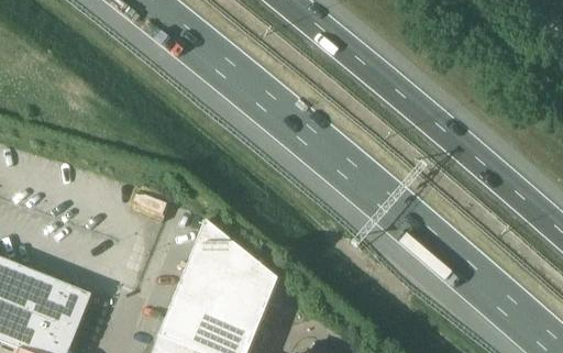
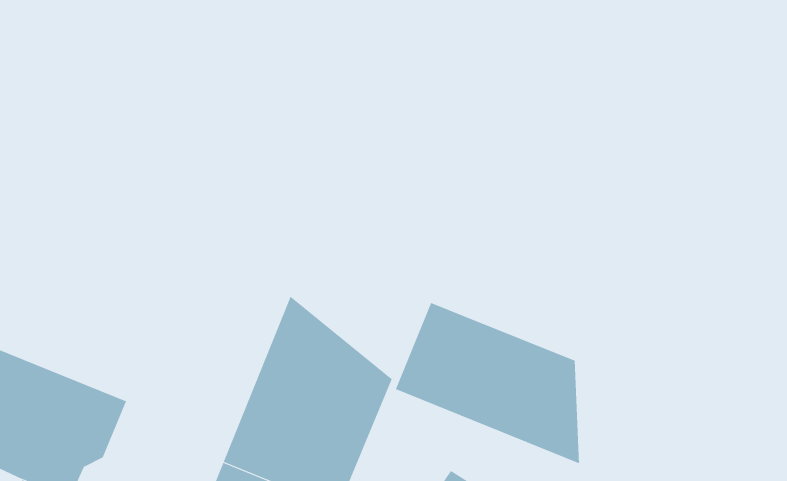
building: none -> [395,302,579,464]

